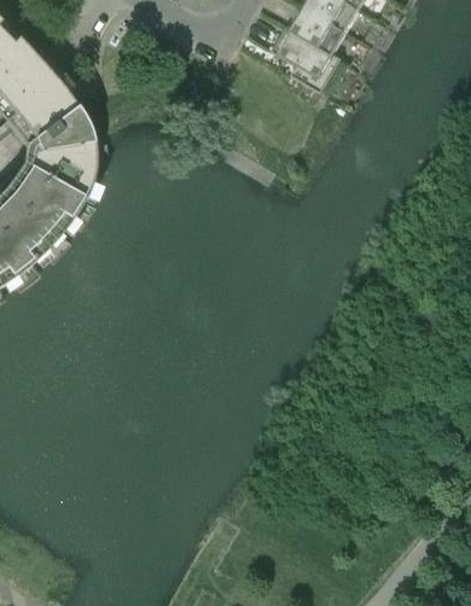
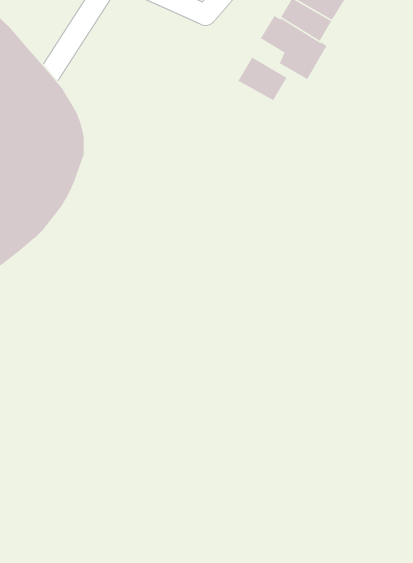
building: none -> [237,56,287,101]

